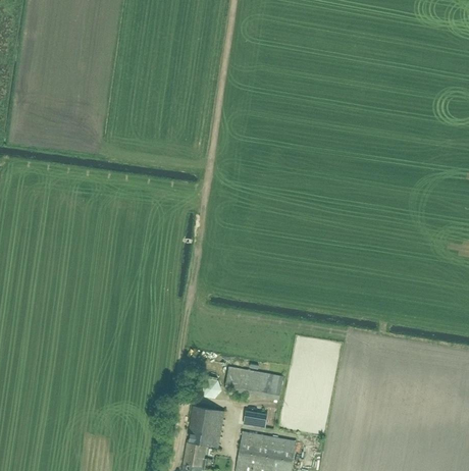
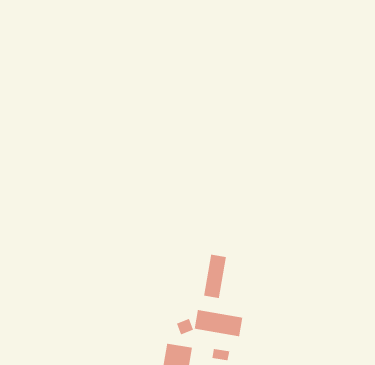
building: none -> [203,254,226,299]

